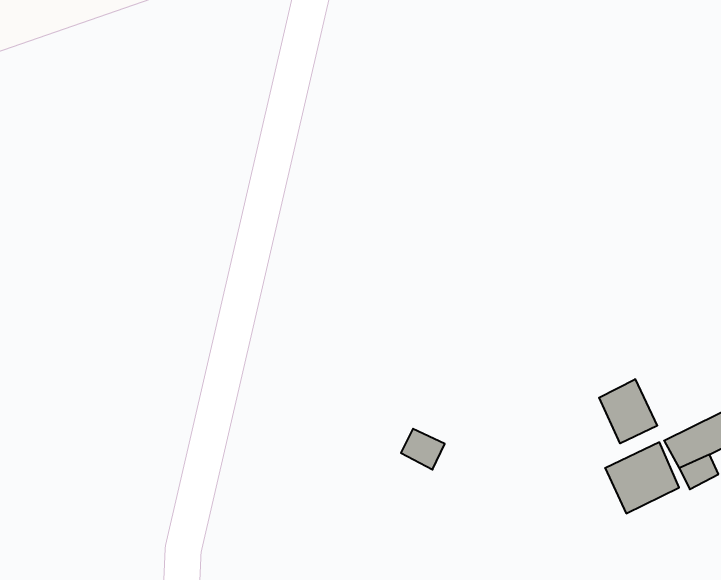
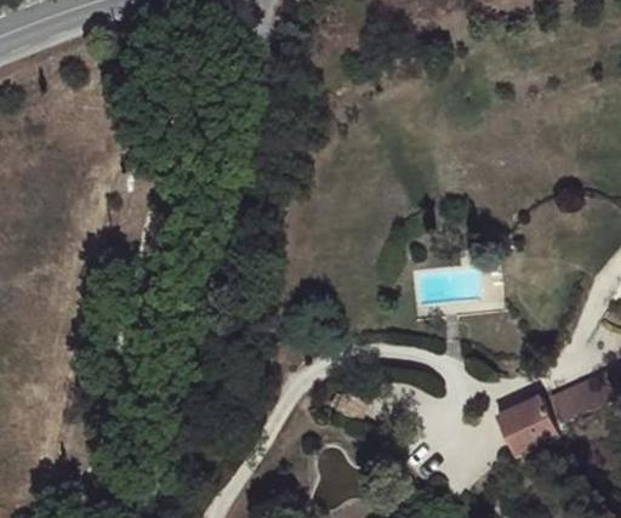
building: [599,379,657,443] -> none

